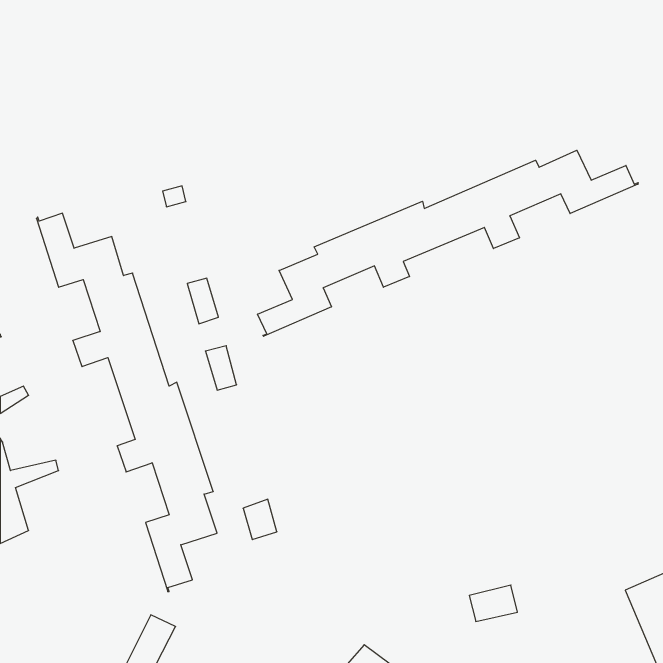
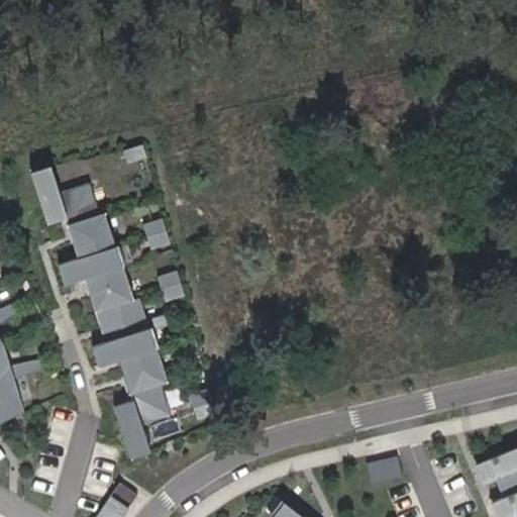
building: [258,150,638,336] -> none

